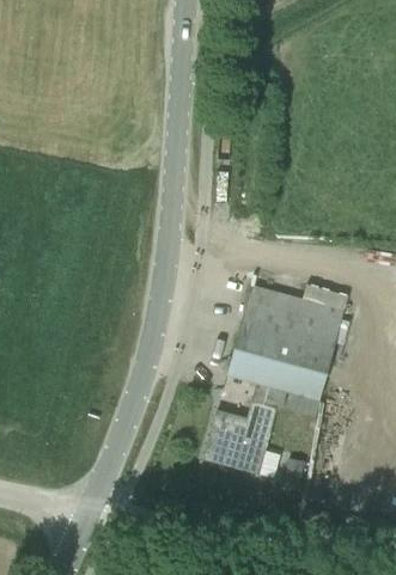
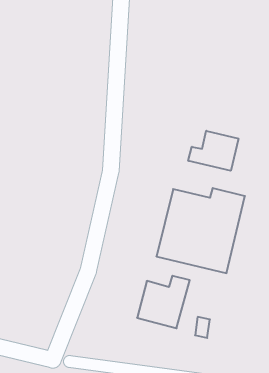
building: none -> [188,131,238,171]

